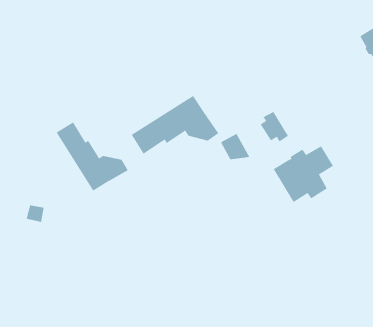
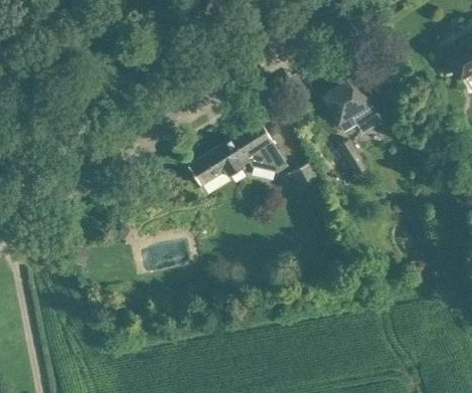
building: [56,121,128,191] -> none
building: [273,145,334,203] -> [320,69,389,135]

